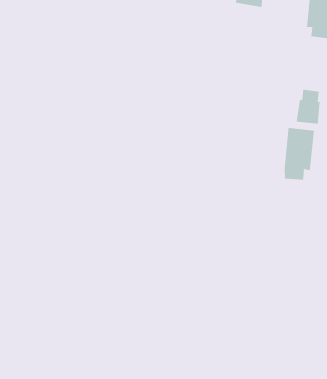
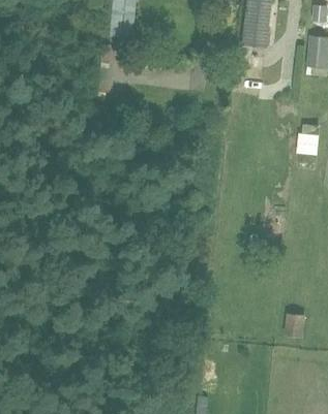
building: [284,127,314,180] -> none

